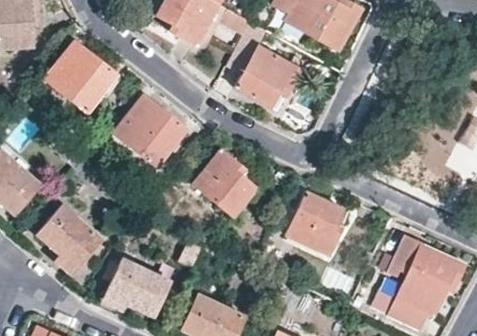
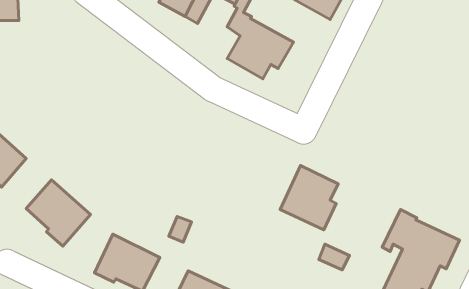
building: [45,43,117,114] -> none
building: [115,97,186,168] -> none
building: [194,151,254,216] -> none

